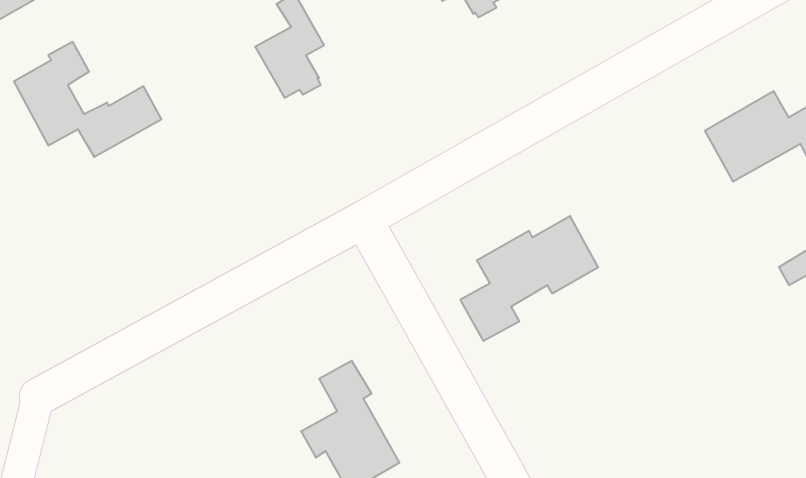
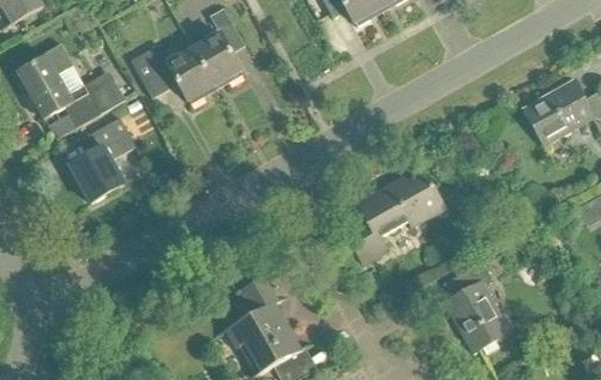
building: none -> [130,46,215,103]
building: none -> [68,116,143,203]
building: none -> [441,260,509,352]

